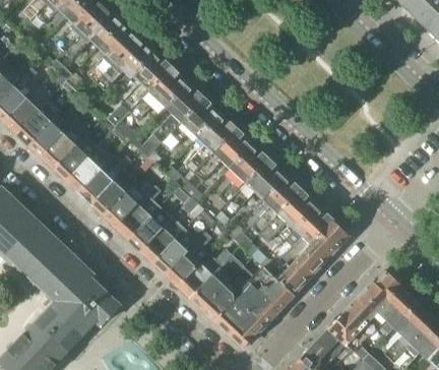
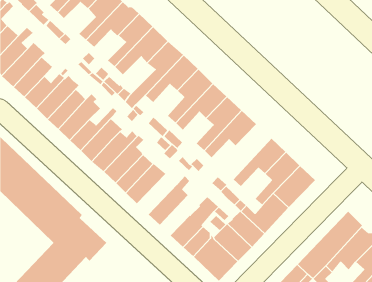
building: [248,174,300,235] -> none
building: [151,229,196,273] -> none
building: [177,248,230,297] -> none

